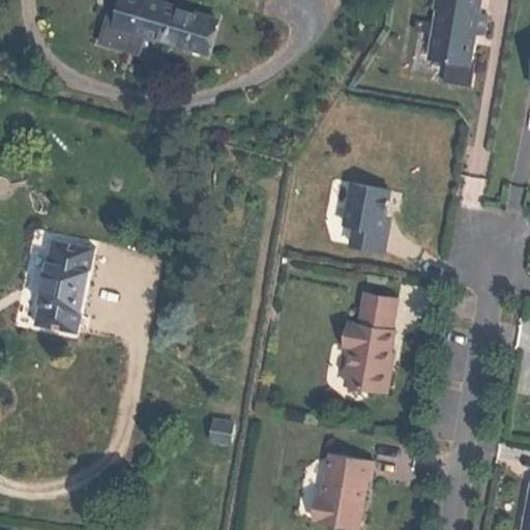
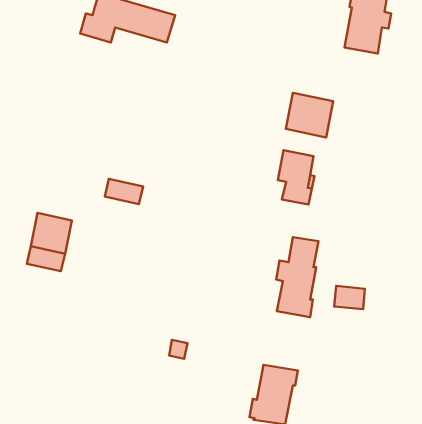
building: none -> [286,93,333,137]
building: [47,242,94,273] -> [105,179,143,204]
building: none -> [334,286,365,309]

